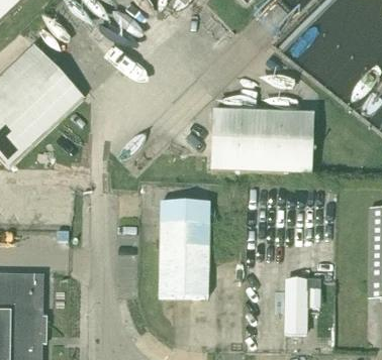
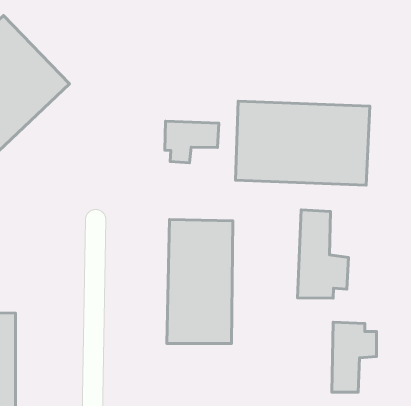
building: none -> [165,121,219,163]
building: none -> [298,210,349,298]

